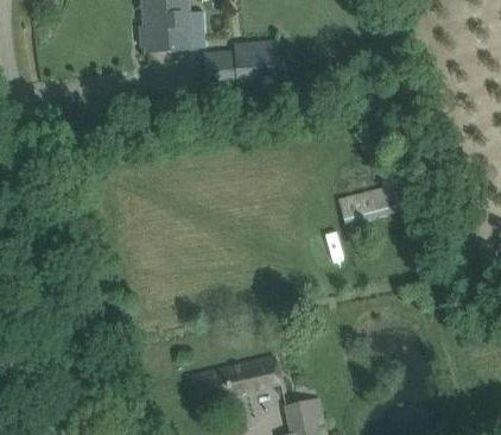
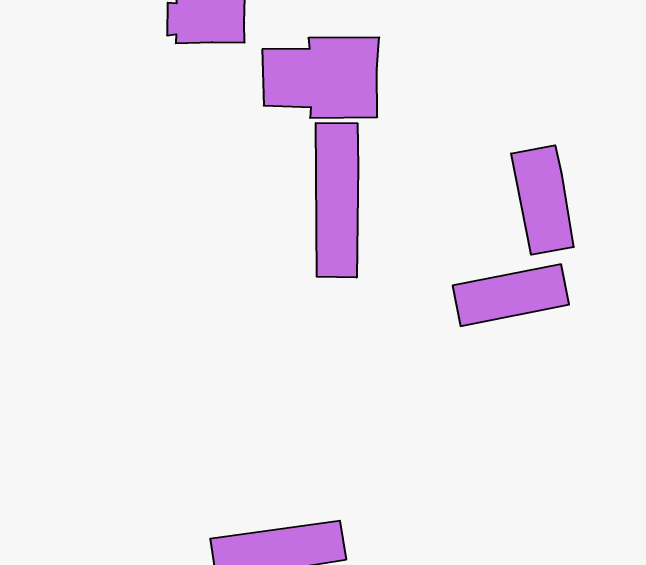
building: none -> [316,123,358,278]
building: none -> [511,145,574,255]

